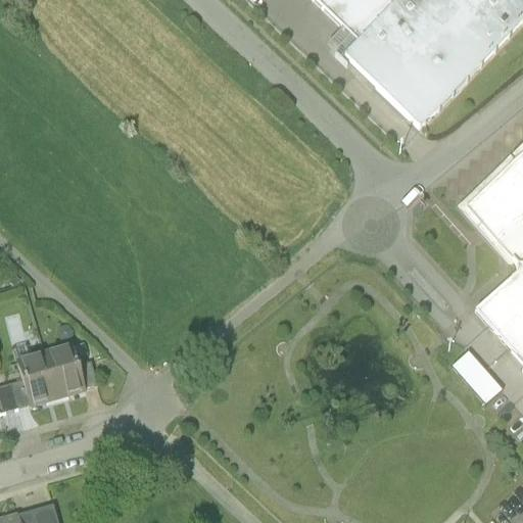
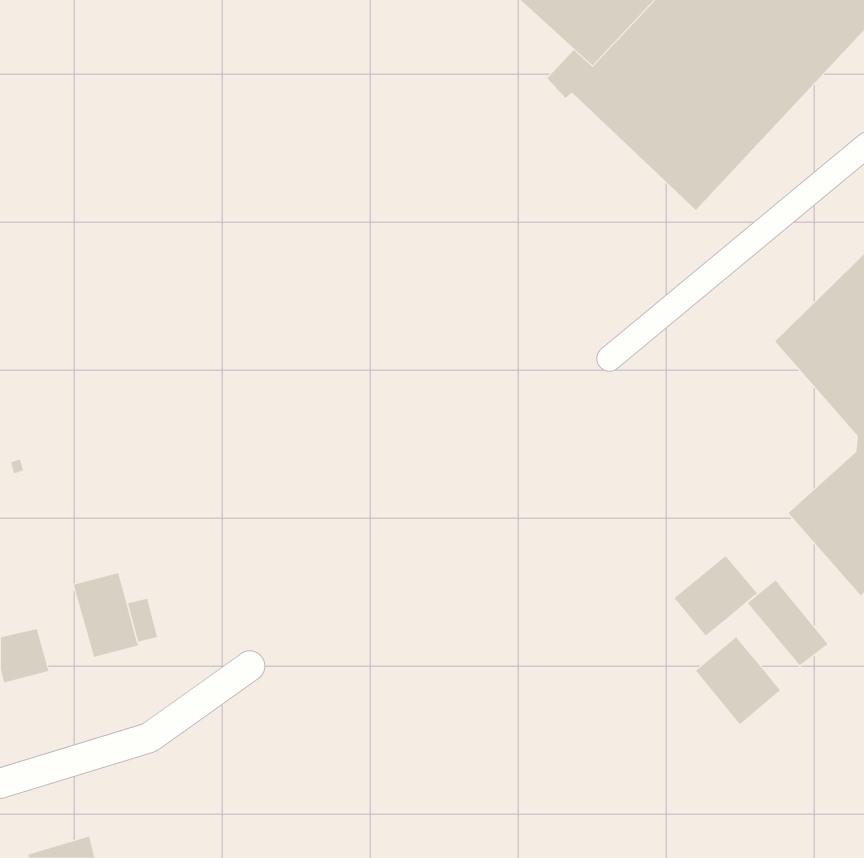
building: none -> [673,555,758,637]
building: [19,351,58,403] -> none
building: none -> [695,636,781,725]

